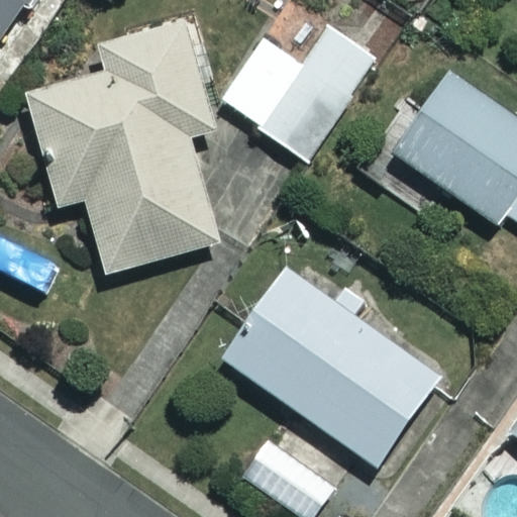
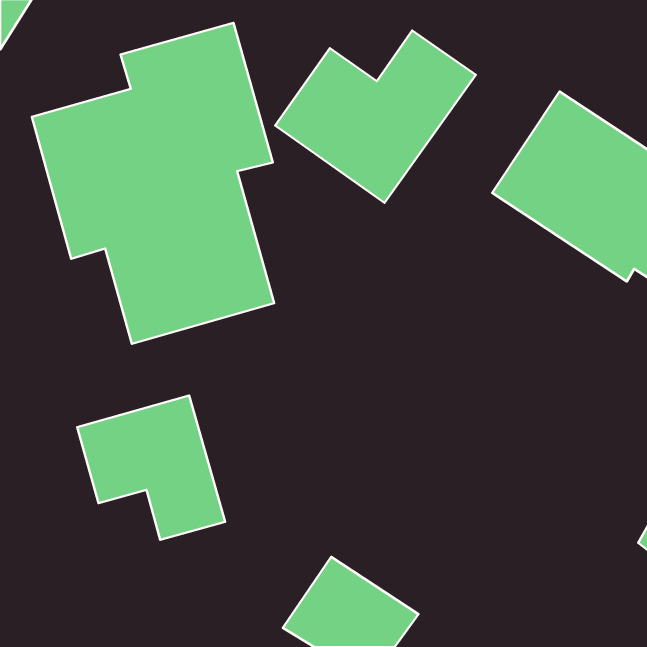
building: [223,270,438,466] -> none
building: none -> [77,395,225,540]

